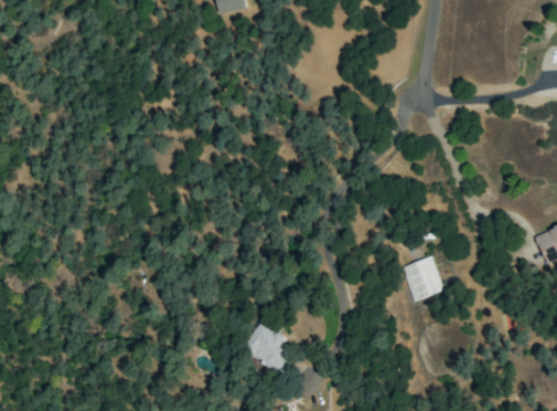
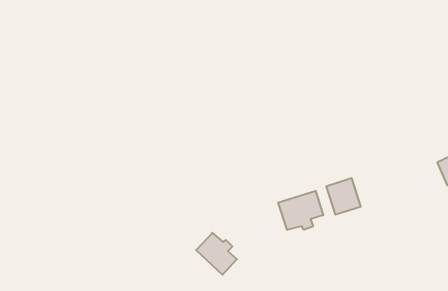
building: none -> [278,191,323,230]

